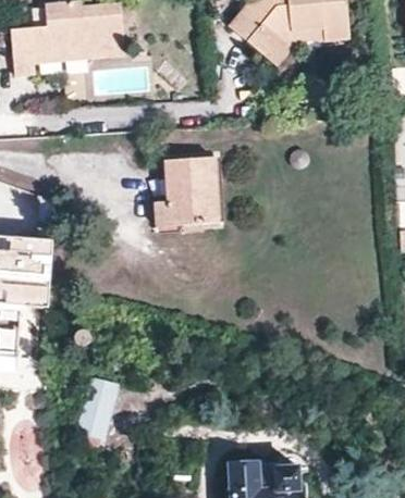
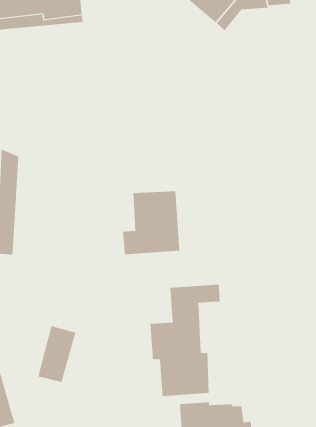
building: [156,157,218,225] -> [122,191,180,255]
building: none -> [150,284,220,397]

